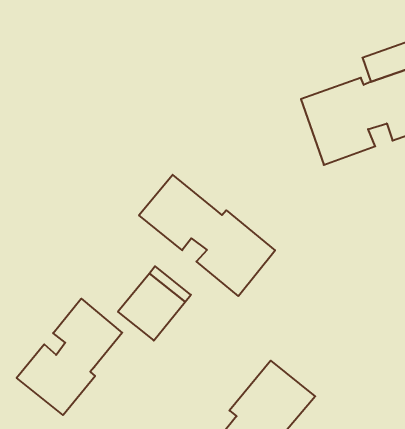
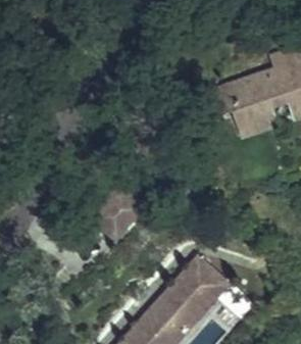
building: [139,175,275,296] -> none
building: [17,299,122,415] -> none

